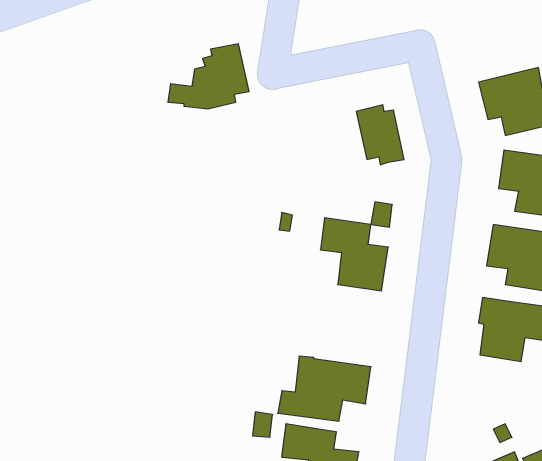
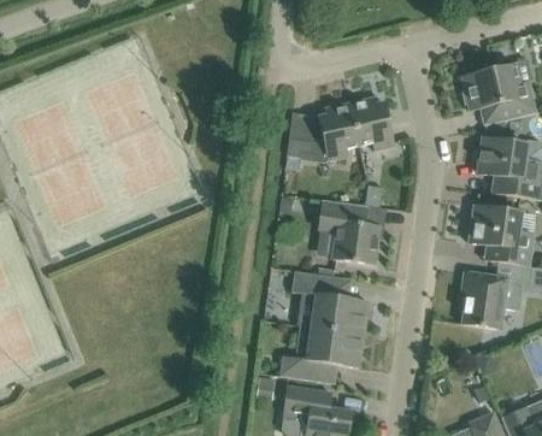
building: [168,44,249,109] -> [287,102,360,161]
building: none -> [291,271,369,334]

